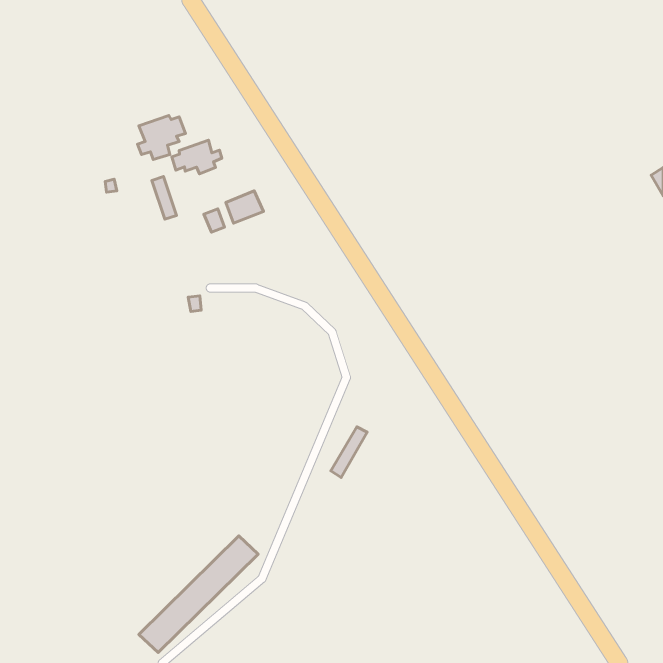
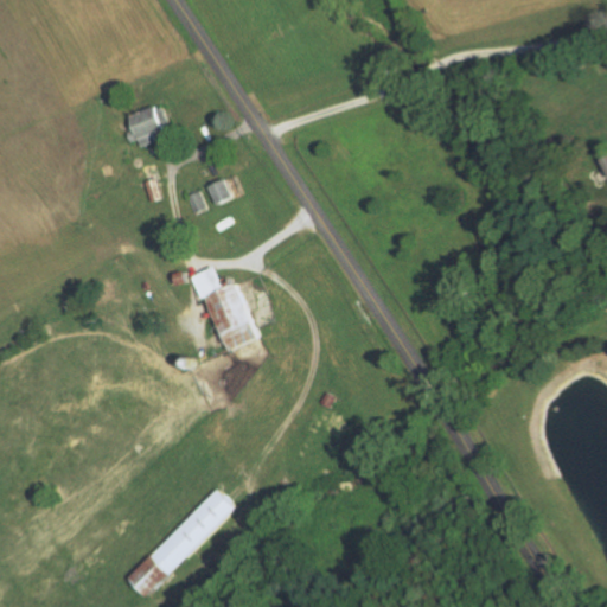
building: [172,140,222,174] -> none
building: none -> [191,267,256,350]

